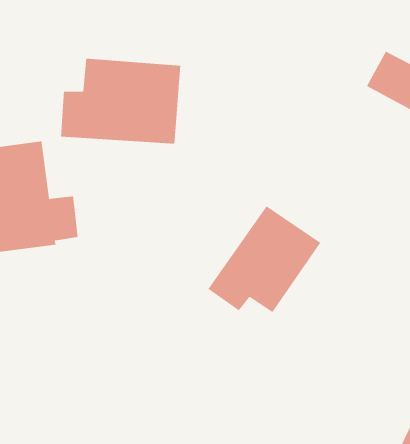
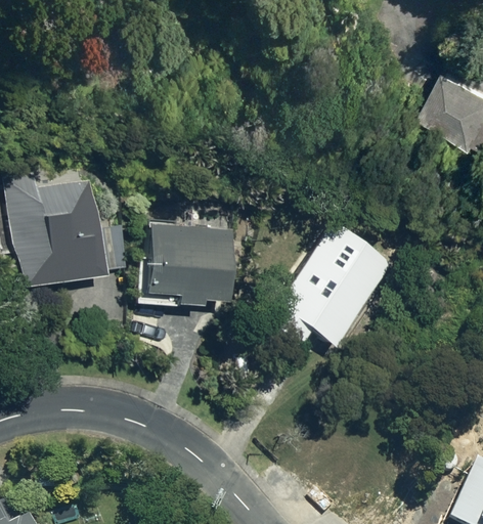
building: [60,58,181,144] -> none
building: none -> [142,224,229,306]

